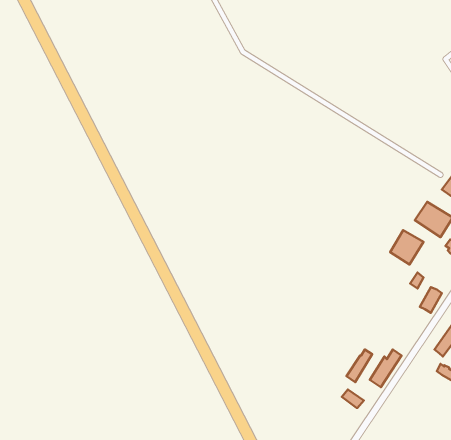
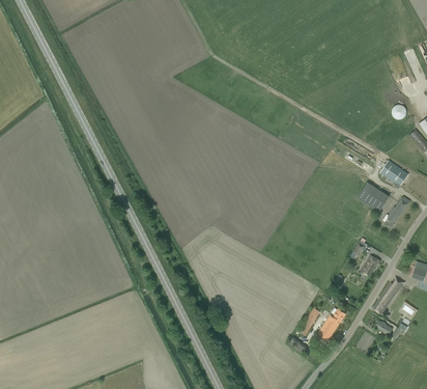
building: [390,230,424,264] -> none

